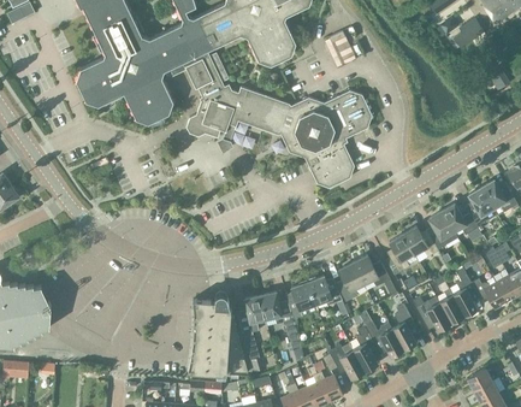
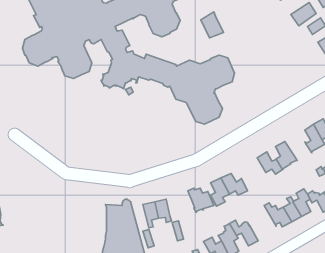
building: [442,205,479,235] -> none
building: [390,235,415,273] -> none
building: [286,281,316,320] -> none
building: [392,305,416,350] -> none

